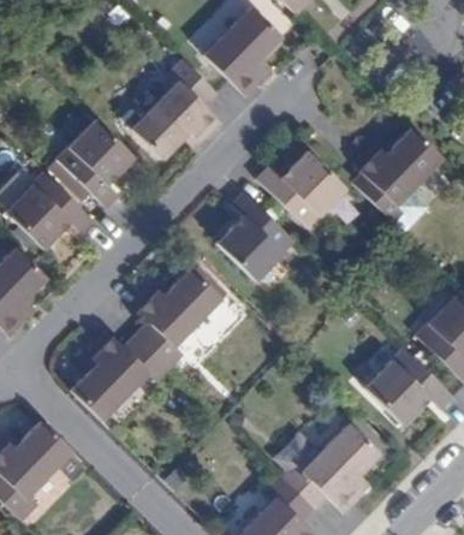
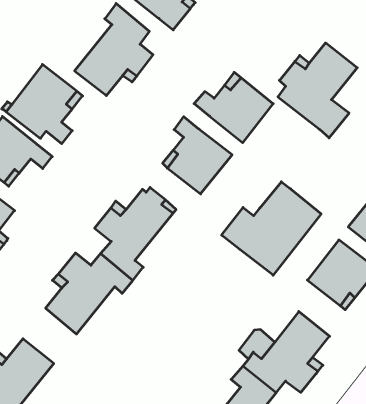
building: none -> [222,182,321,275]

